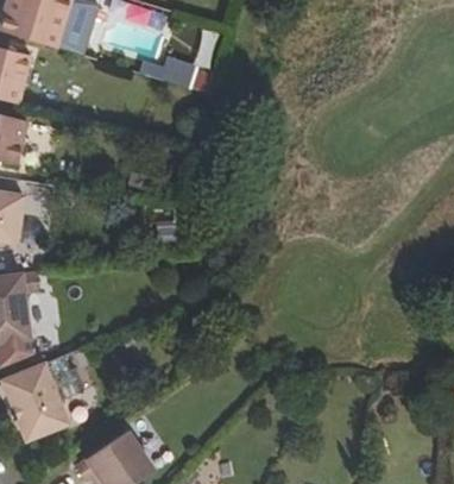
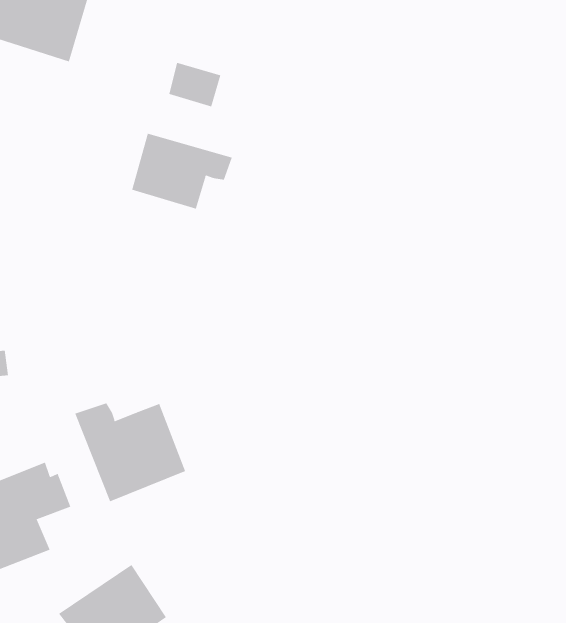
building: none -> [132,133,232,209]
building: none -> [75,402,186,502]

